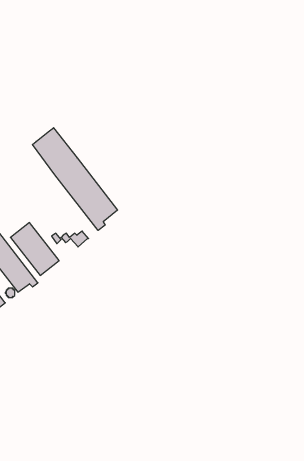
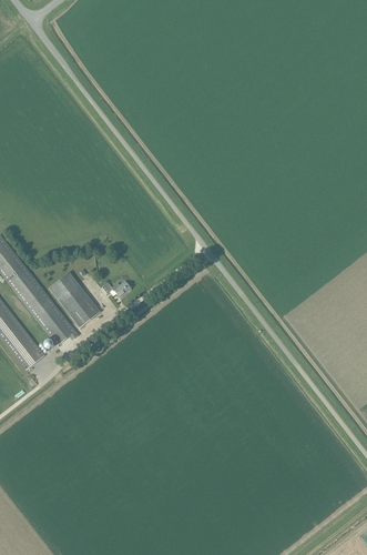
building: [32,128,118,230] -> none

